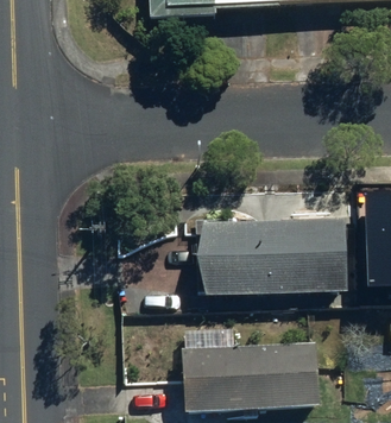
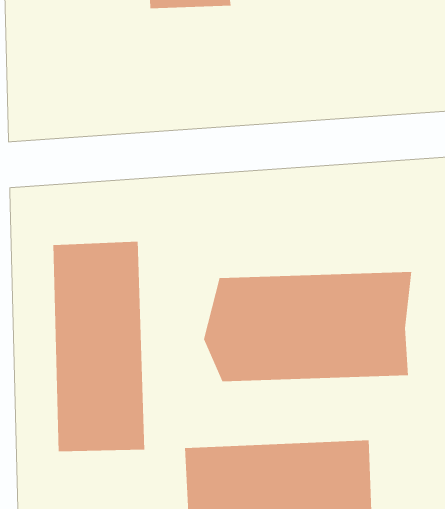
building: none -> [53,241,145,452]

